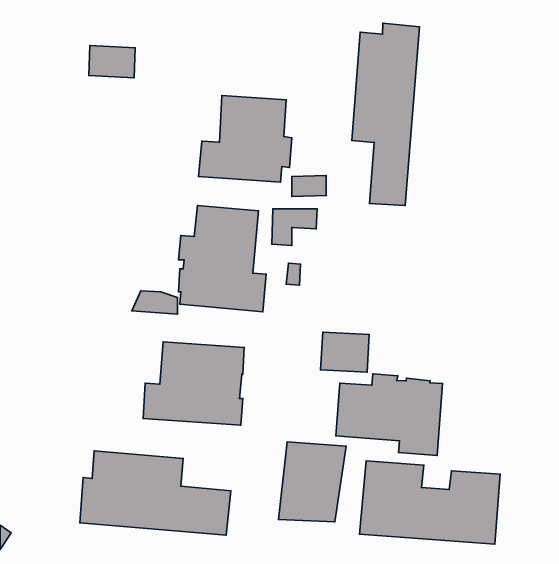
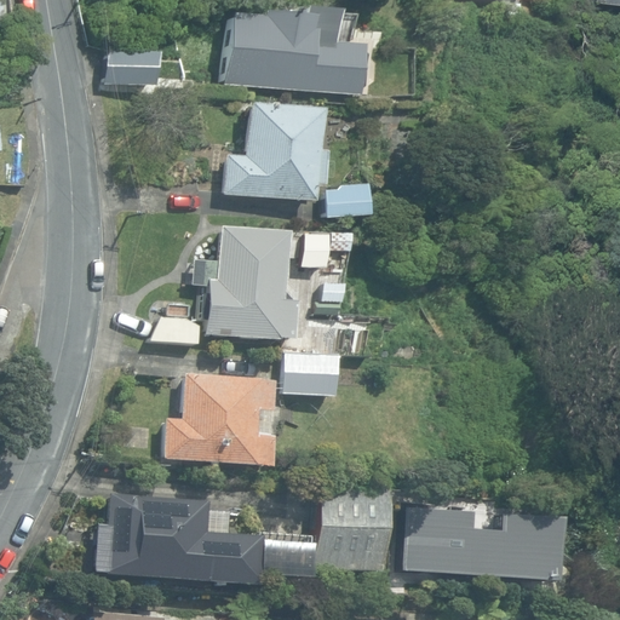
building: none -> [225,6,367,93]
building: [352,23,419,205] -> none
building: [321,332,369,372] -> [283,350,337,394]
building: [336,374,442,455] -> none

